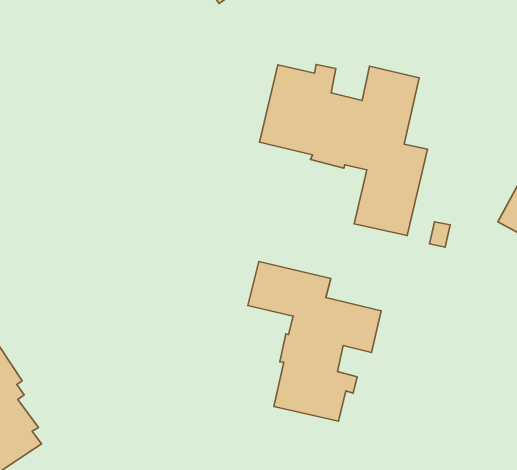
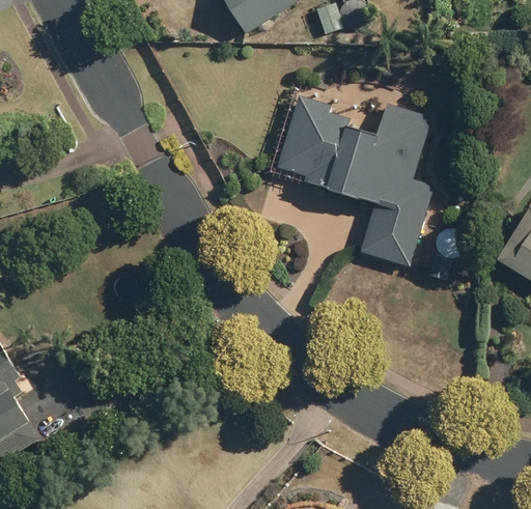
building: [248,262,381,421] -> none

